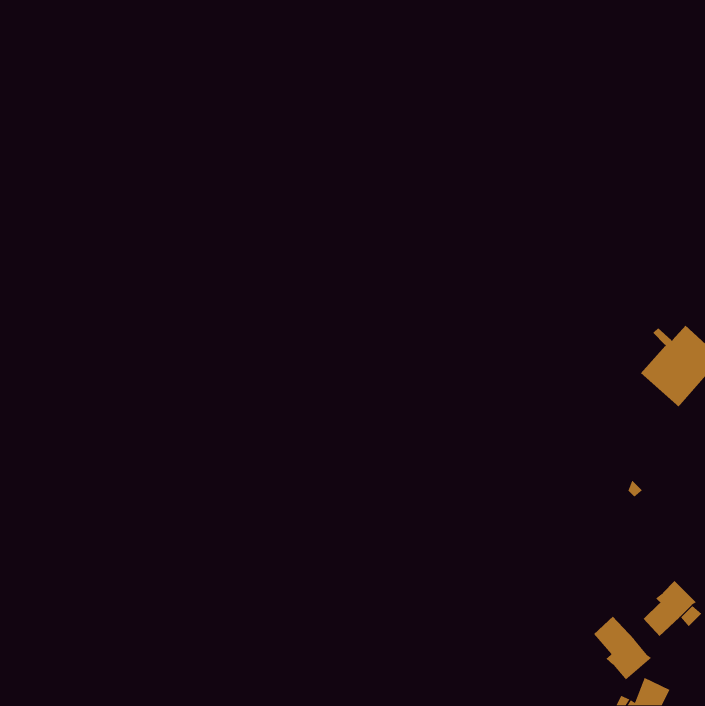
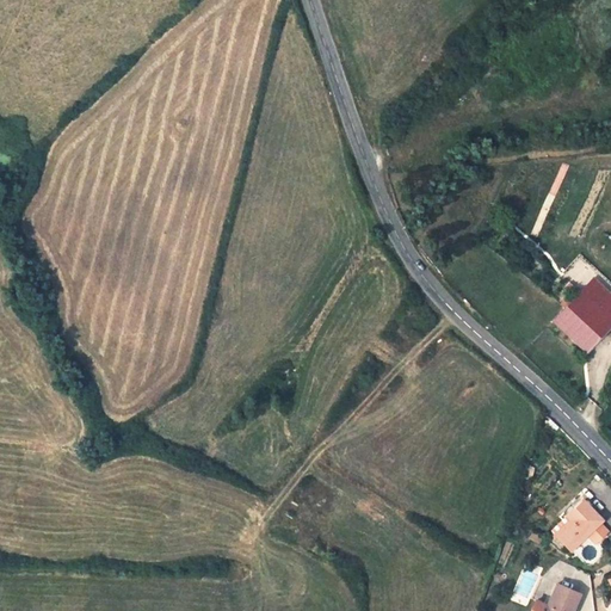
building: [593,616,652,680] -> none

